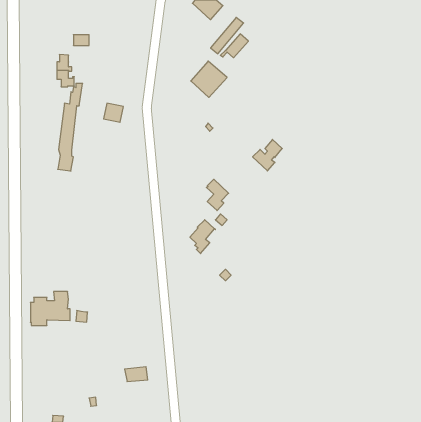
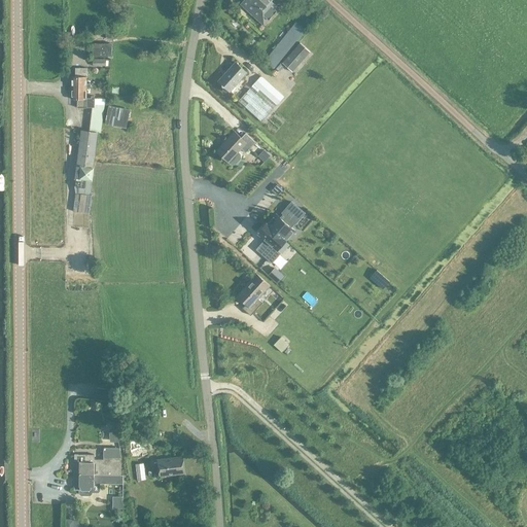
building: none -> [217,62,246,92]
building: [104,103,123,122] -> [104,105,129,129]
building: none -> [215,132,255,165]
building: [253,139,282,171] -> [267,202,304,241]
building: [30,292,70,325] -> [73,448,122,490]

